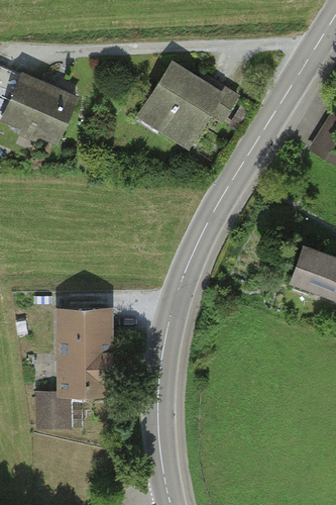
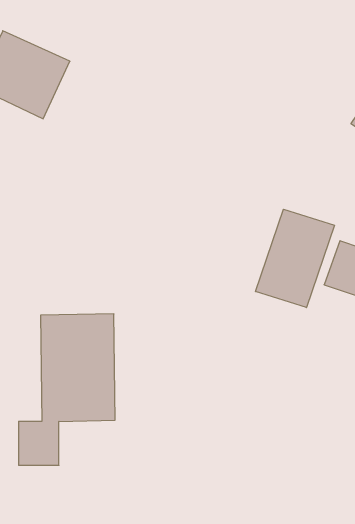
building: [137,62,224,150] -> none
building: none -> [256,209,334,308]

